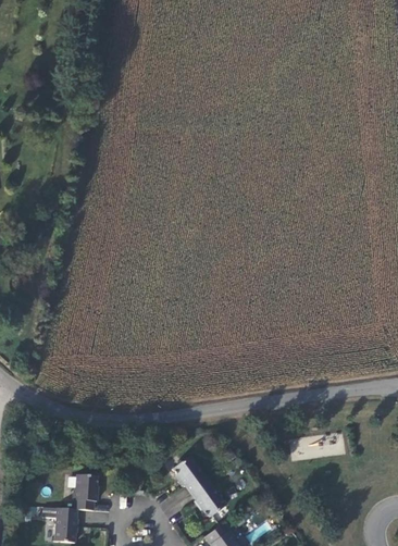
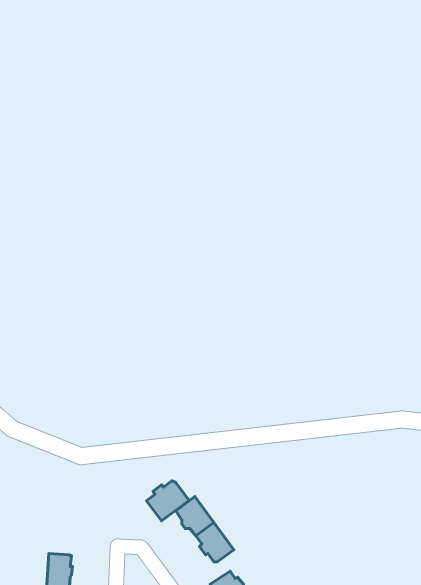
building: none -> [147,481,189,521]
building: [71,475,96,511] -> none

